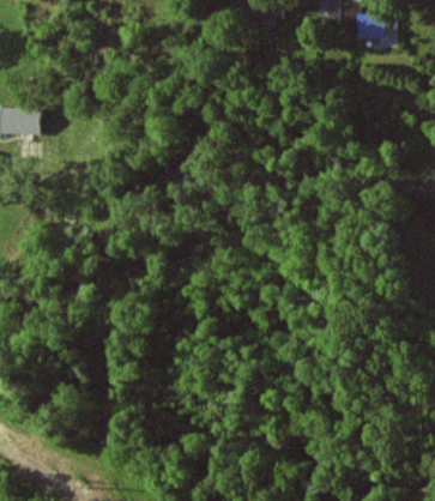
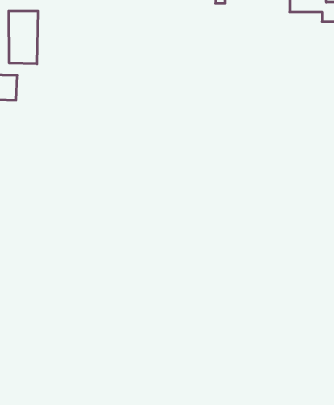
building: none -> [9,11,38,64]

